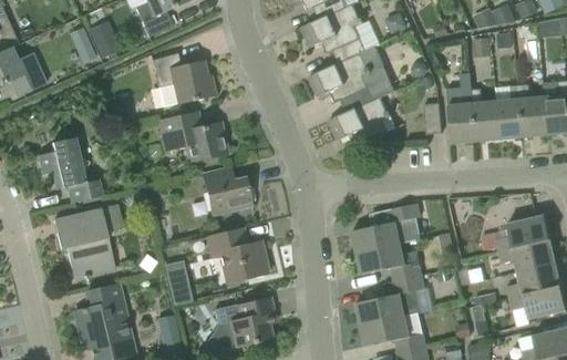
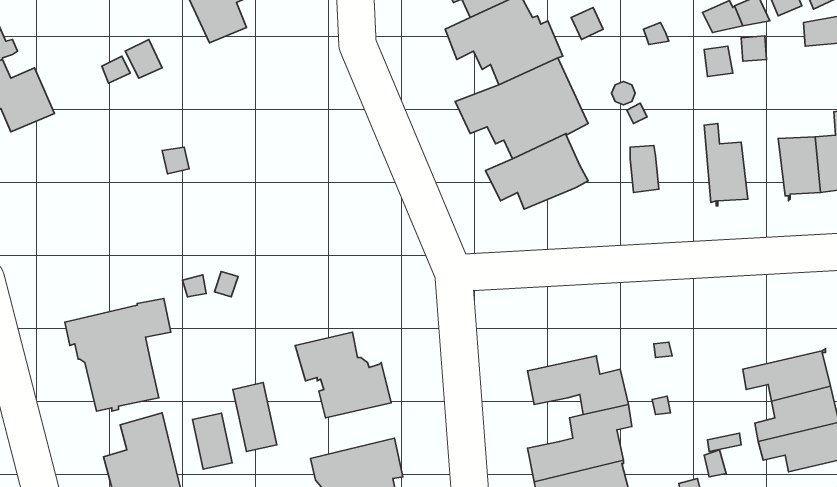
building: [151,51,214,106] -> none
building: [449,90,477,144] -> none
building: [497,99,526,140] -> none
building: [156,110,227,161] -> none
building: [37,136,102,202] -> none
building: [196,167,251,214] -> none
building: [352,203,421,251] -> none
building: [495,215,550,250] -> none
building: none -> [192,413,232,469]

